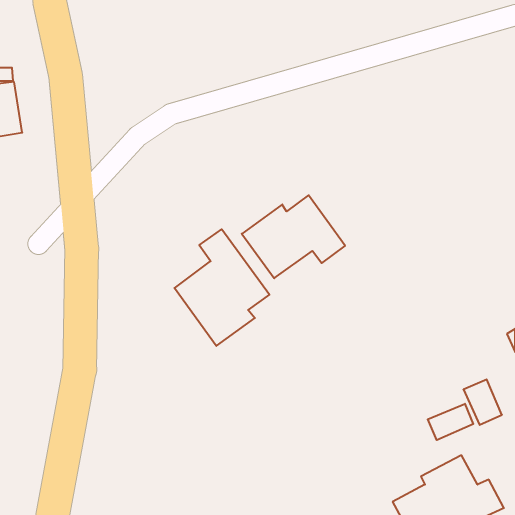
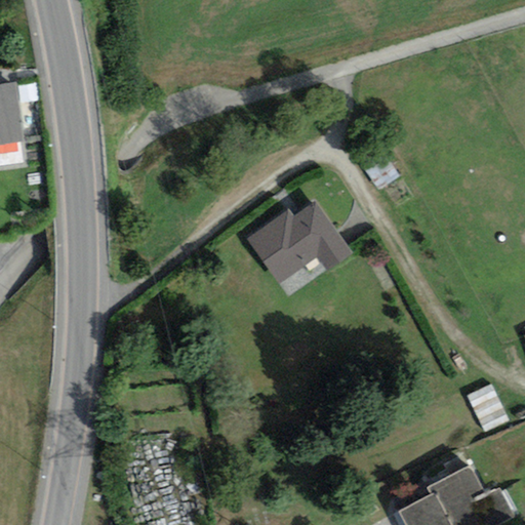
building: [174,229,269,346] -> none
building: [428,404,473,440] -> none

